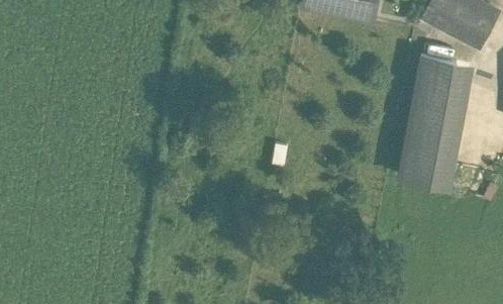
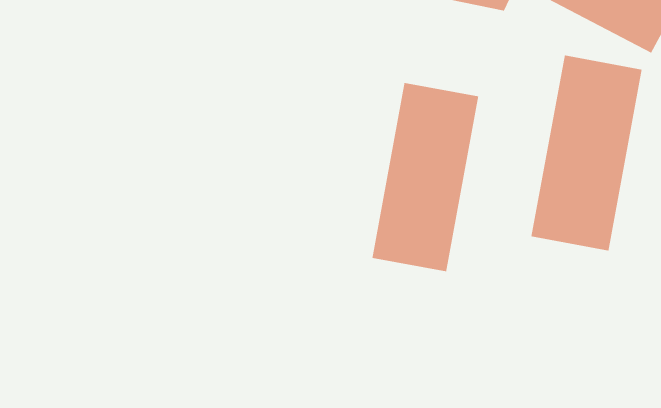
building: none -> [372,82,479,272]

